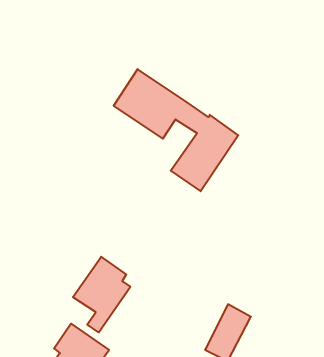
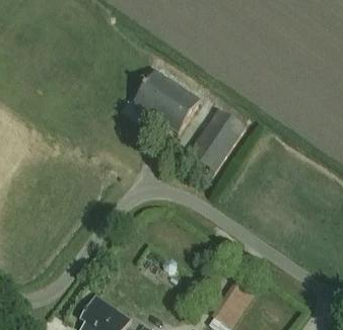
building: [73,257,130,332] -> none

